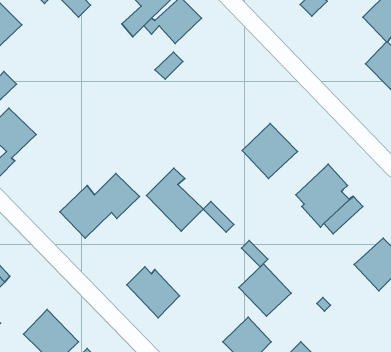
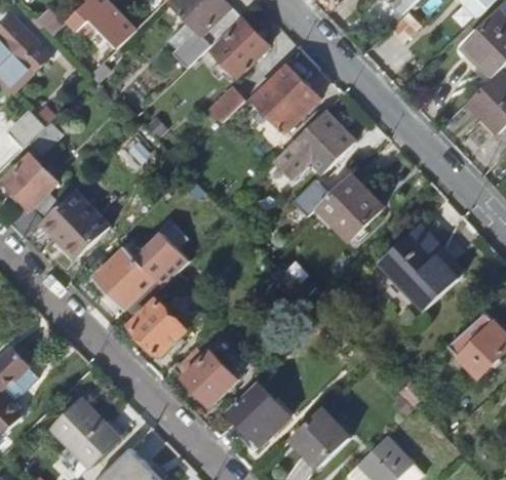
building: none -> [250,66,317,132]
building: none -> [270,111,353,183]
building: none -> [39,191,107,259]
building: [147,168,203,231] -> [132,293,201,369]
building: [239,264,291,316] -> none
building: none -> [231,384,288,444]

